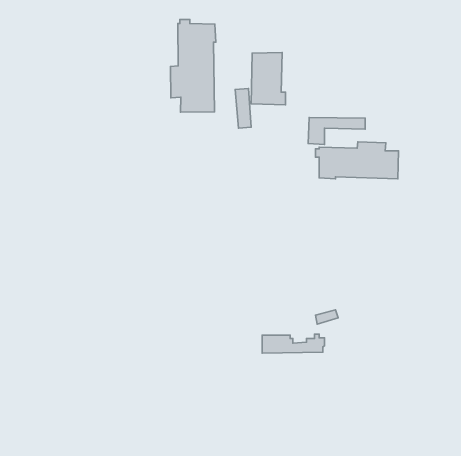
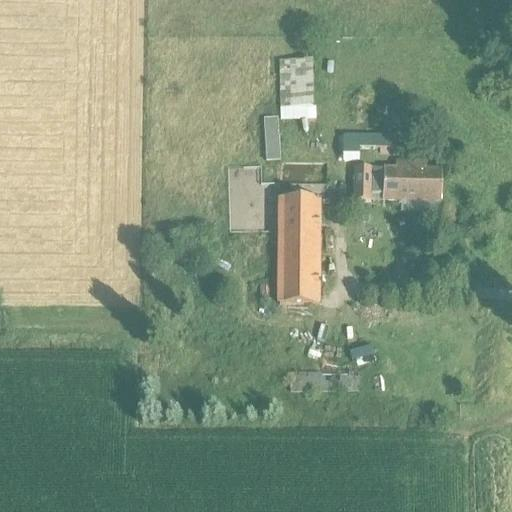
building: [170,19,216,112] -> none
building: none -> [277,197,321,303]

